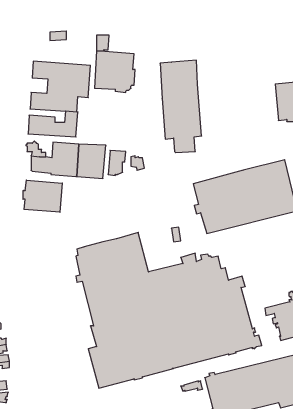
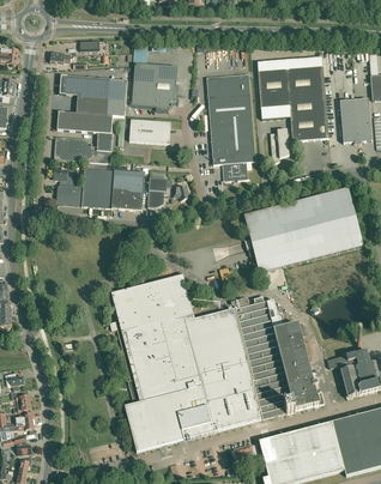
building: none -> [258,66,328,163]
building: none -> [129,119,170,143]
building: [23,180,62,212] -> none

